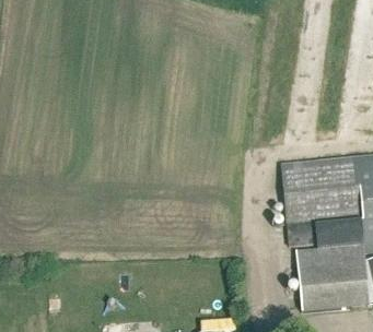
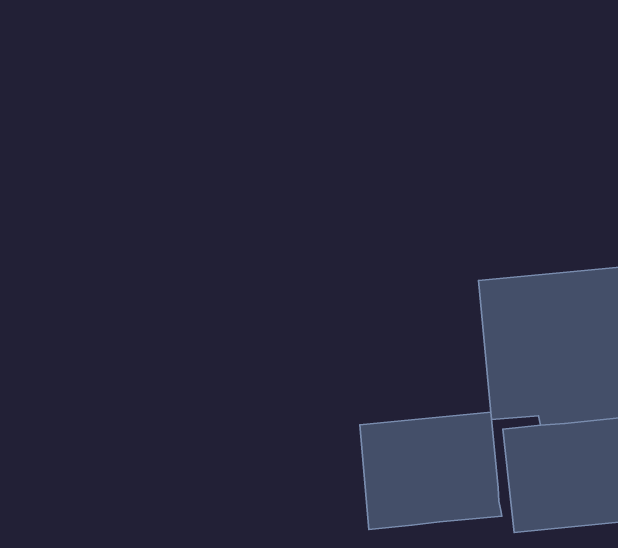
building: none -> [360,412,502,529]

